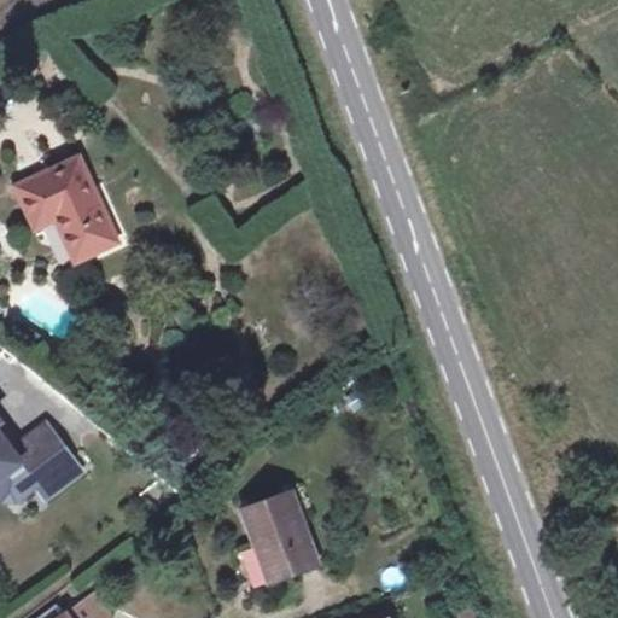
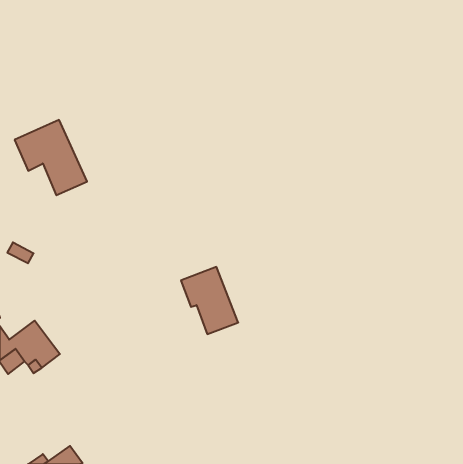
building: [243,491,319,581] -> [181,267,238,334]

